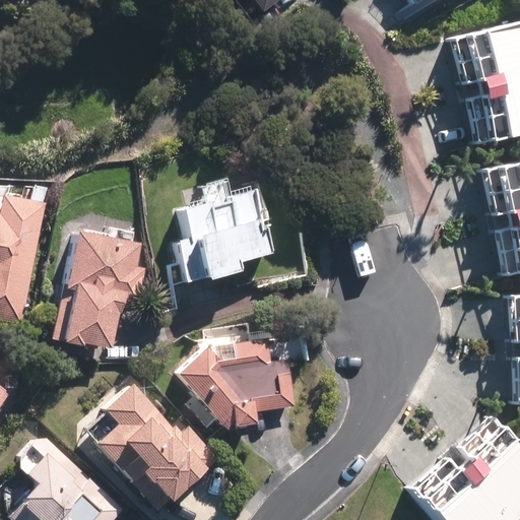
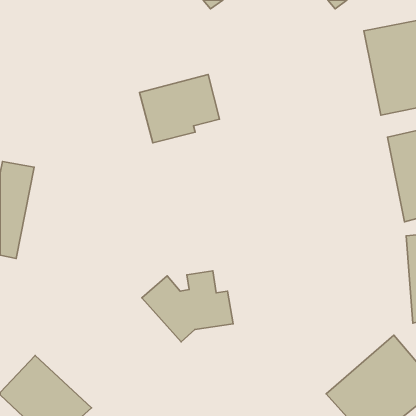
building: [171,194,270,279] -> [140,74,220,143]
building: [53,234,129,346] -> none
building: [101,387,211,506] -> none

